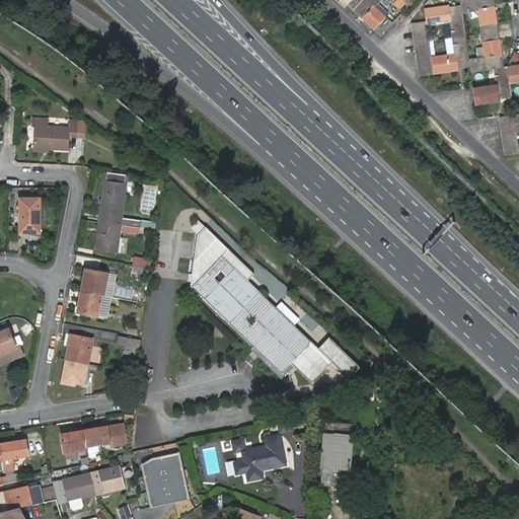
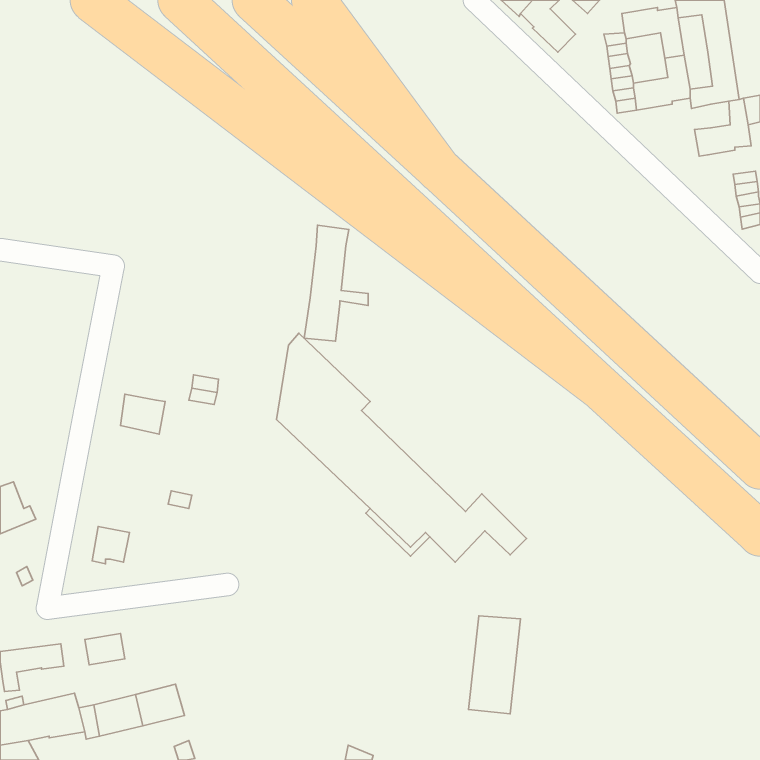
building: [31,118,68,150] -> none
building: [94,173,138,252] -> [304,225,368,341]
building: [18,203,38,235] -> none
building: [78,290,108,317] -> none
building: [66,333,93,363] -> none
building: [229,417,293,478] -> none
building: [82,426,125,449] -> none
building: [138,452,188,507] -> none

